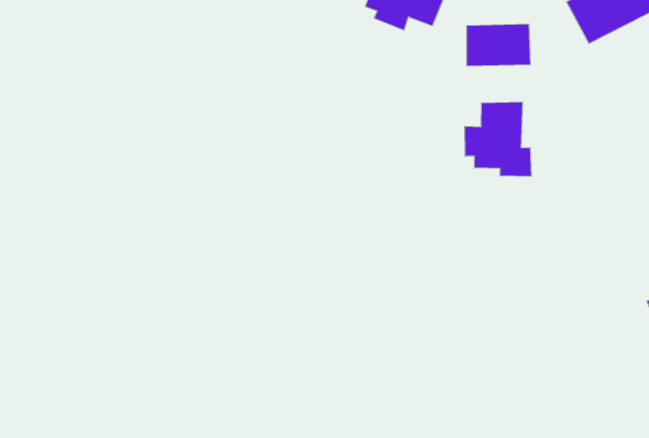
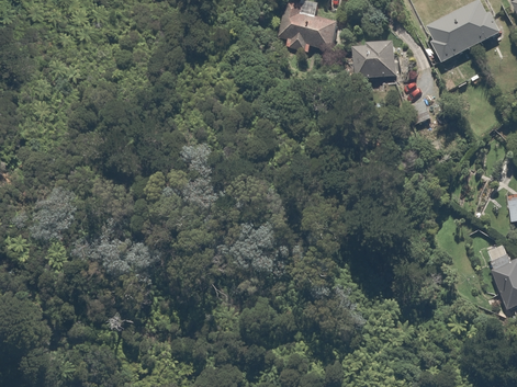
building: [465,102,531,176] -> none

